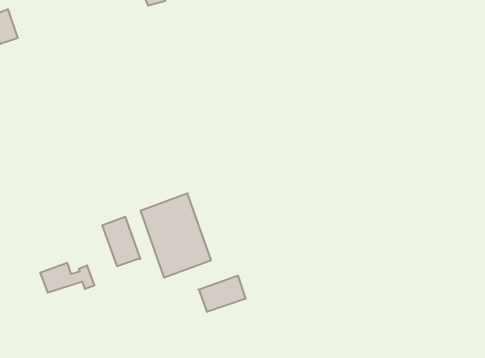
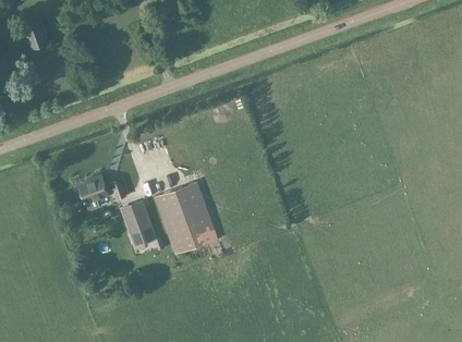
building: [40,263,95,293] -> [76,176,124,203]
building: [198,276,246,312] -> none

